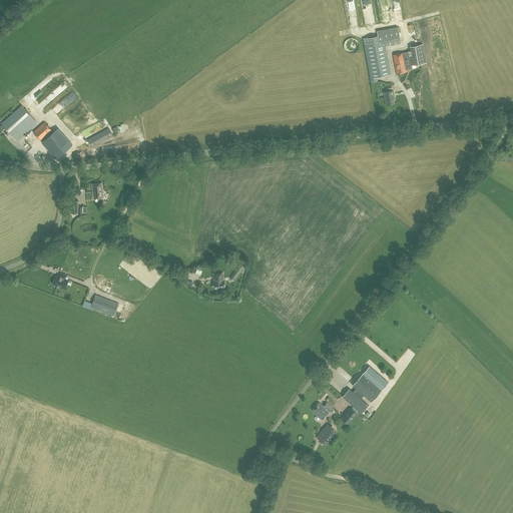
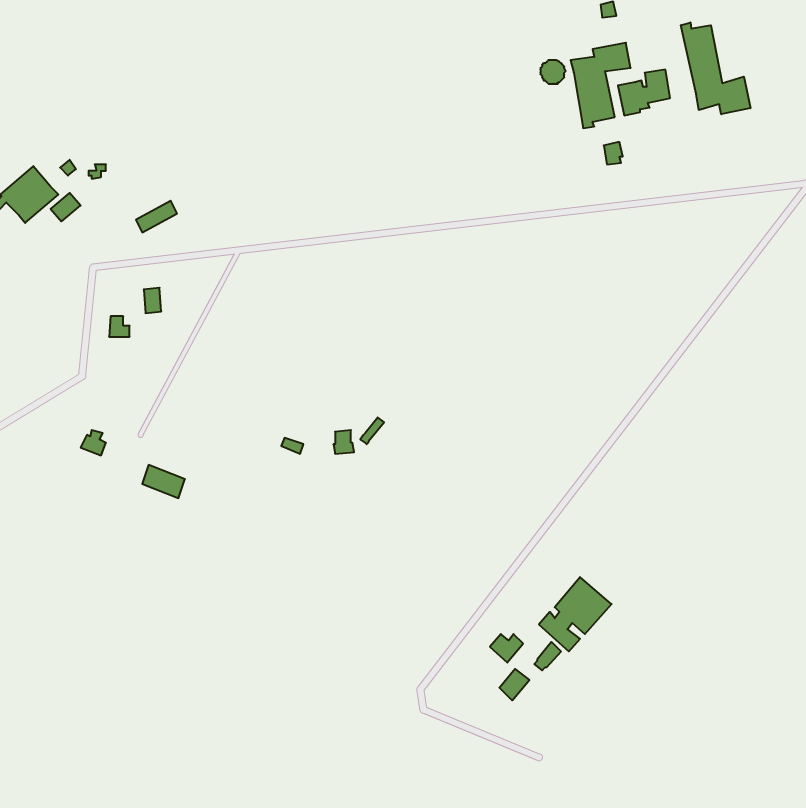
building: none -> [681,22,750,114]
building: [41,128,71,158] -> none

